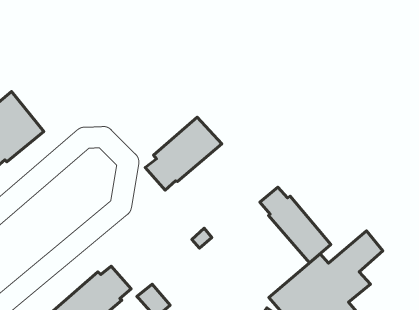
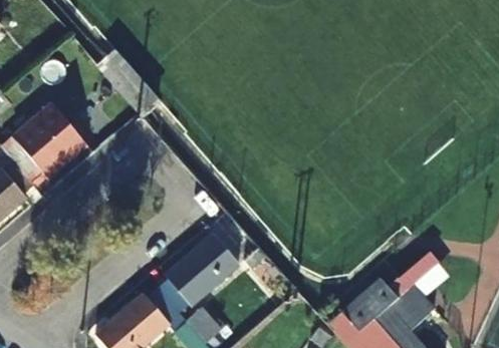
building: [145,117,222,190] -> [158,236,239,313]
building: [260,187,331,263] -> none

